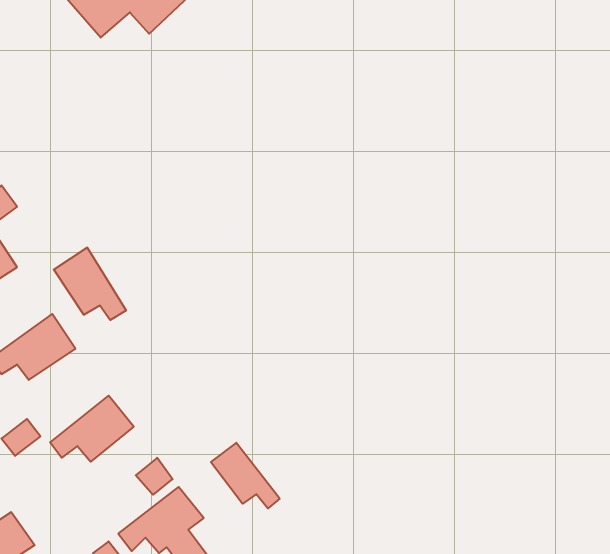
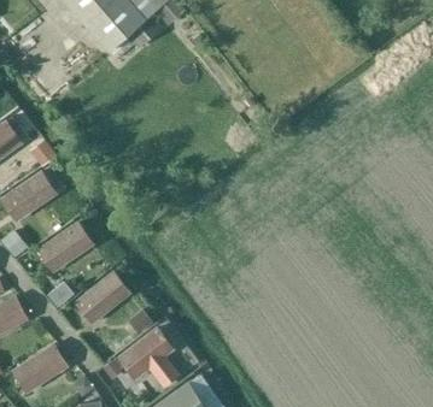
building: [54,247,126,320] -> none
building: [211,443,280,508] -> none

